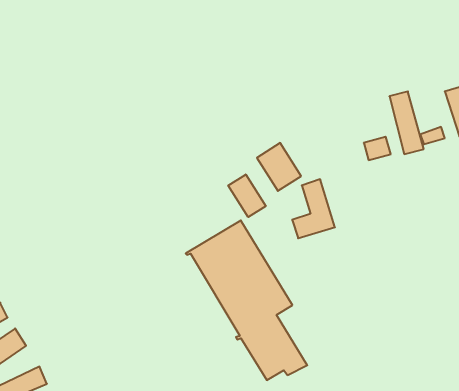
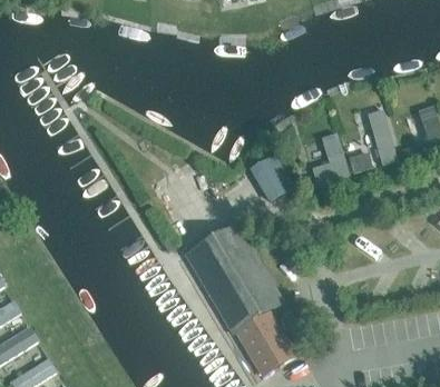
building: [228,174,266,217] -> none
building: [292,179,335,238] -> [309,131,348,185]

